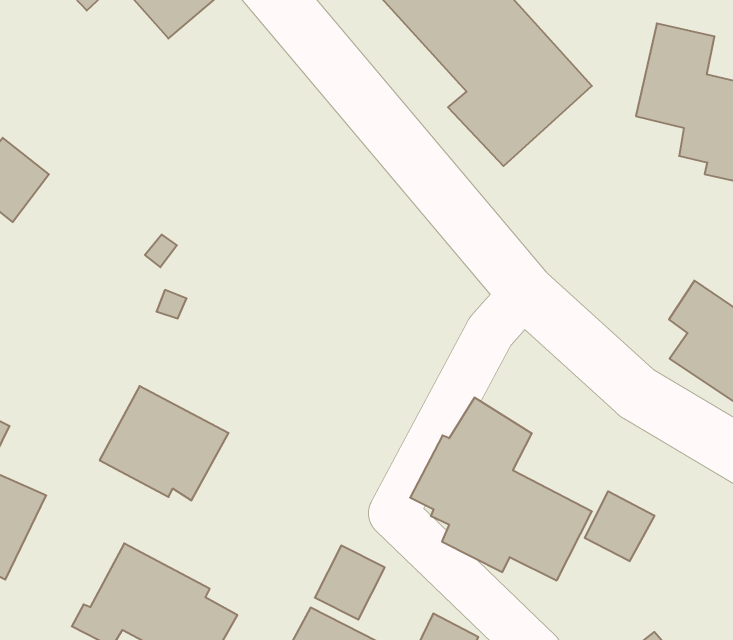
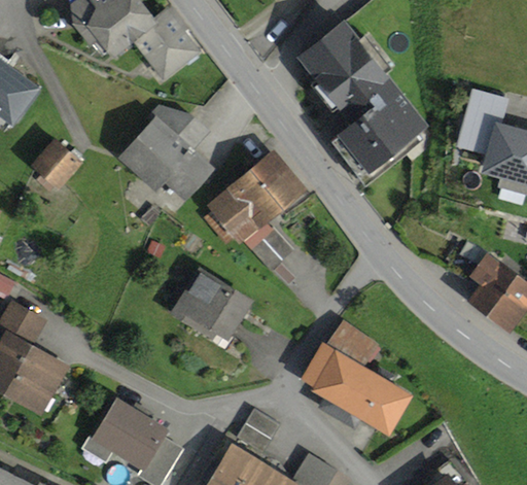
building: none -> [118,103,217,203]
building: none -> [204,149,309,269]
building: [100,386,229,500] -> [171,267,253,341]
building: [585,491,654,561] -> none

